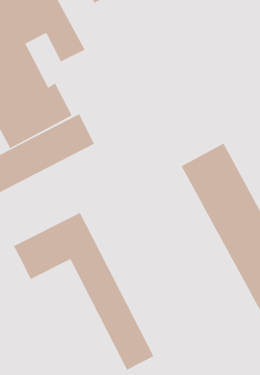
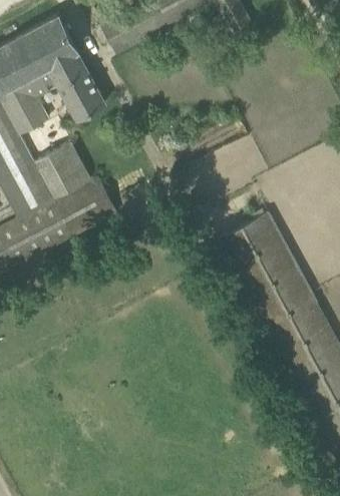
building: [13,212,154,371] -> none

